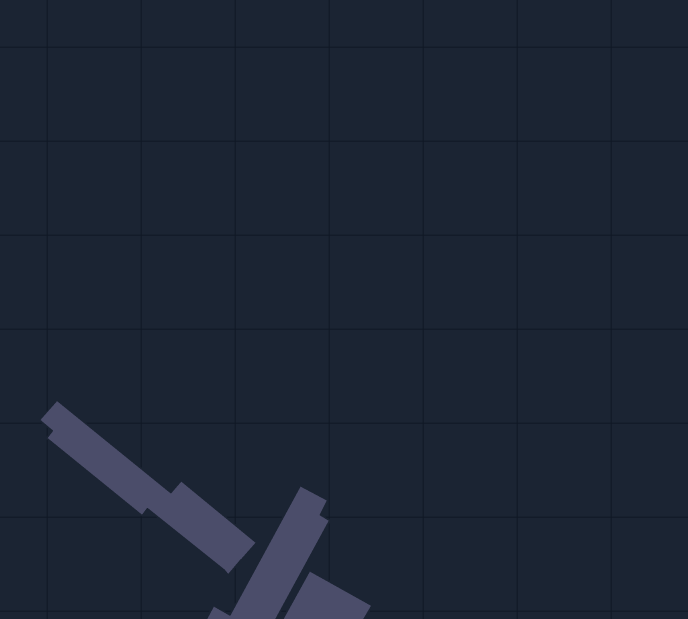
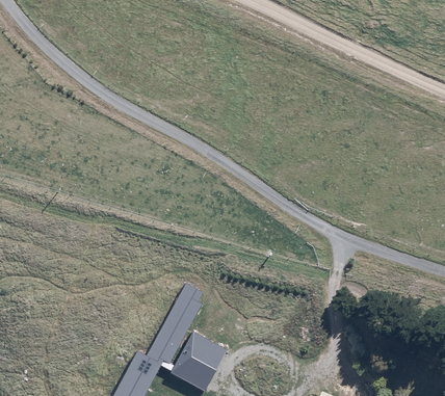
building: [40,400,257,575] -> none

